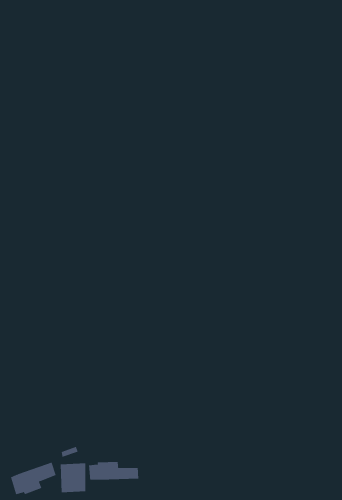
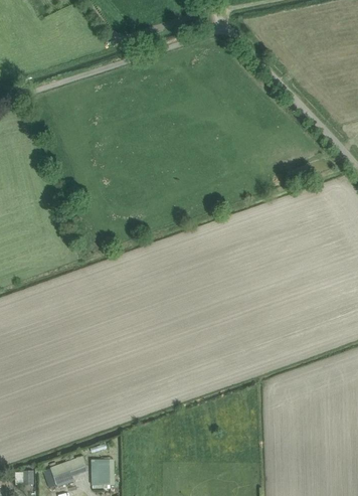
building: [88,461,139,481] -> none

